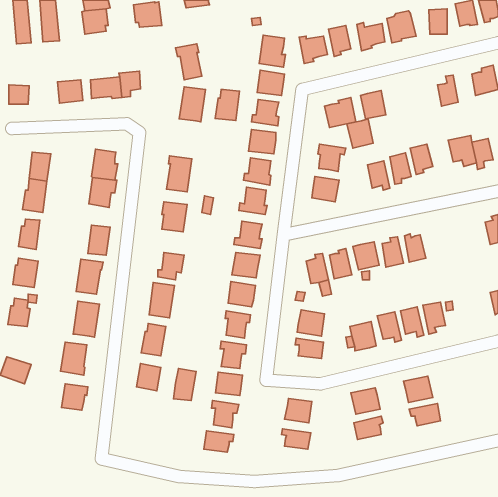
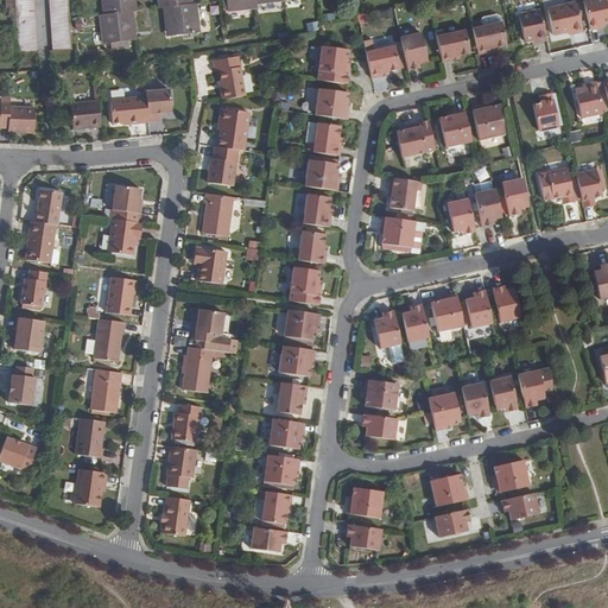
building: [215,89,240,121] -> [209,146,239,184]
building: [347,119,373,148] -> [471,103,504,139]
building: [174,368,196,401] -> [162,495,189,534]

